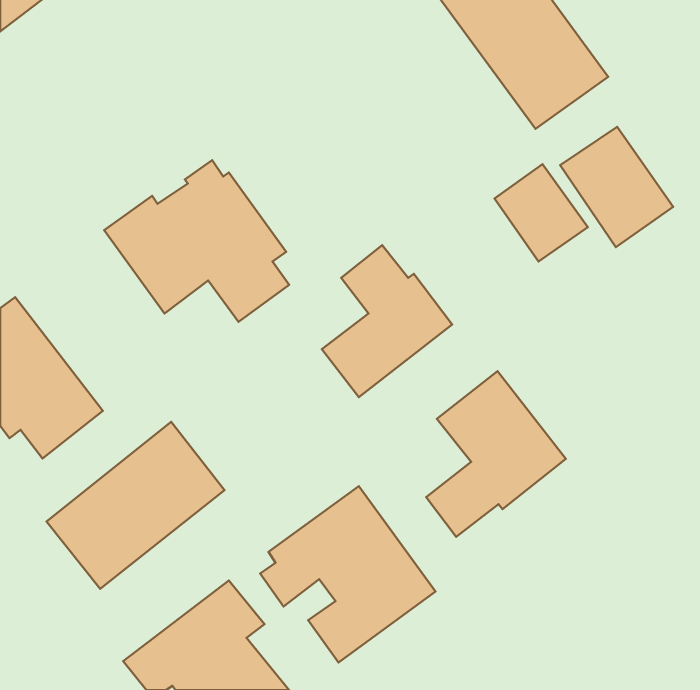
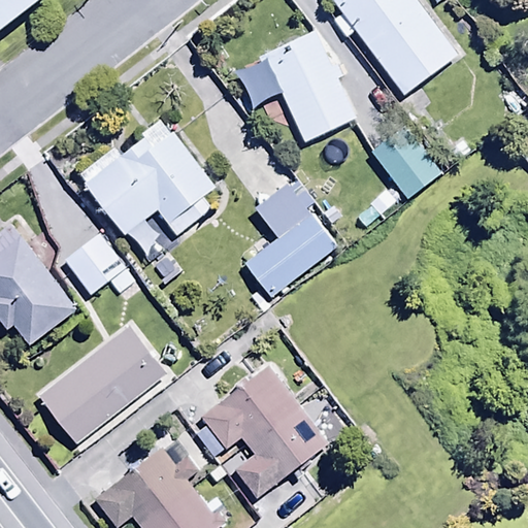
building: none -> [258,30,357,143]
building: [560,127,673,247] -> none
building: none -> [64,232,134,295]
building: [426,371,566,537] -> none

